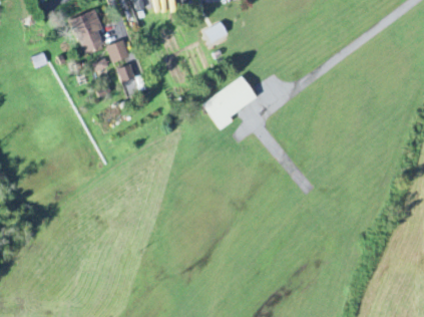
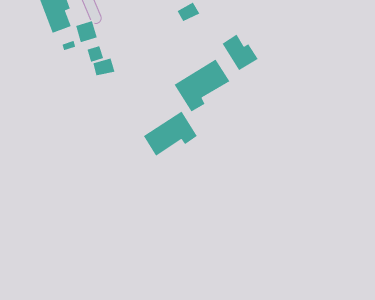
building: none -> [221,33,259,71]
building: none -> [143,110,198,157]

